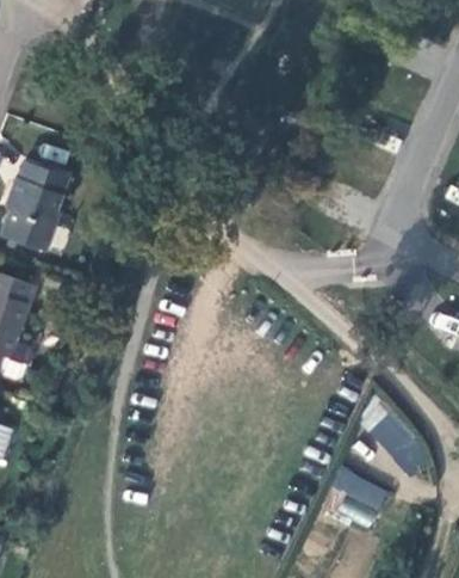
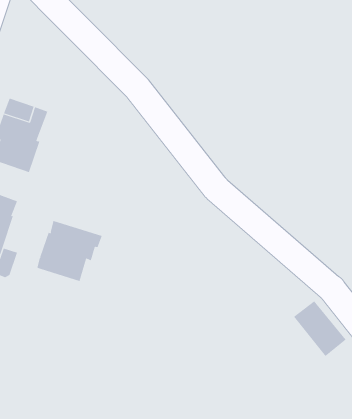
building: none -> [37,220,102,282]
building: [331,466,389,527] -> none

